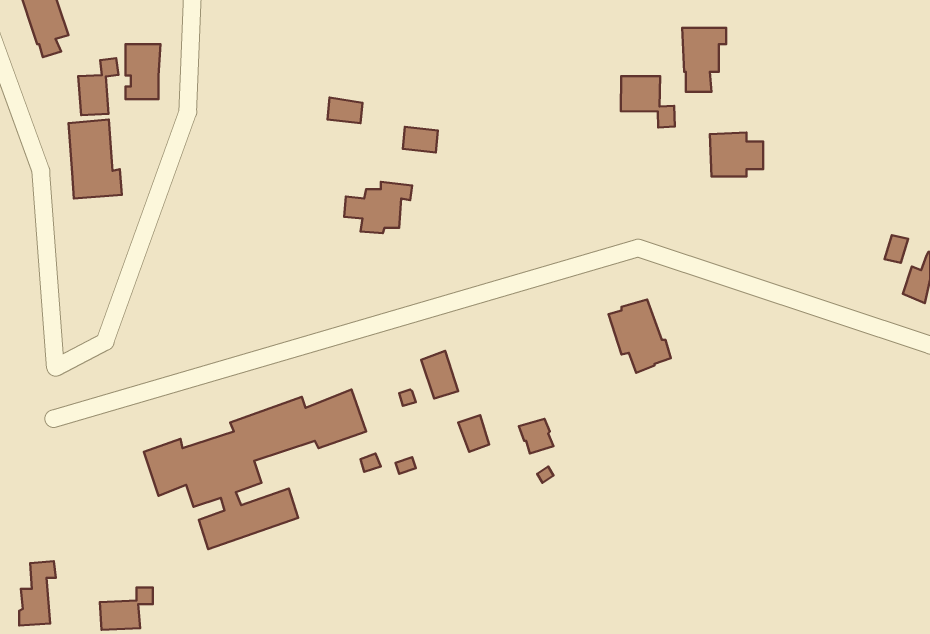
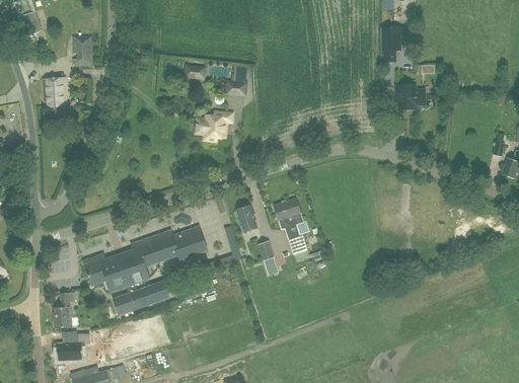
building: [78,58,118,115] -> none
building: [621,76,675,128] -> none
building: [608,299,671,373] -> [274,199,308,239]
building: [19,561,56,625] -> [54,292,74,327]

